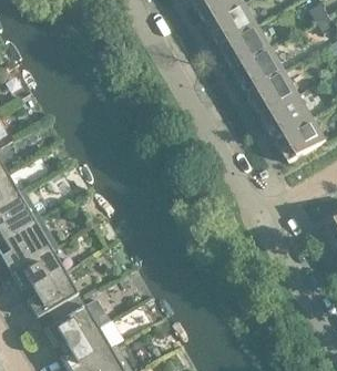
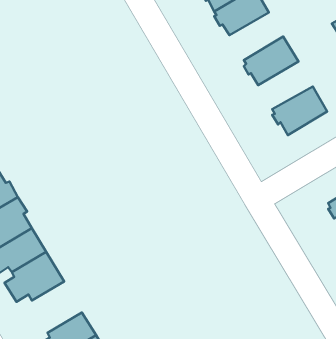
building: [235,48,285,92] -> none
building: [262,93,313,137] -> none
building: [43,298,98,347] -> none

